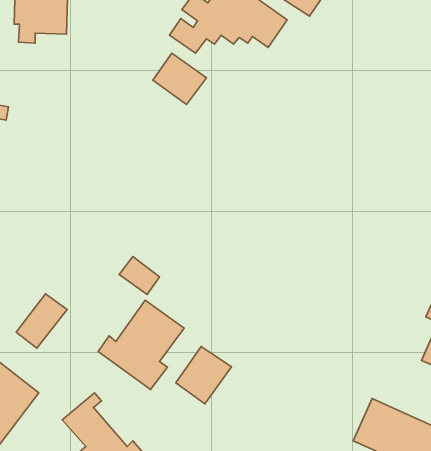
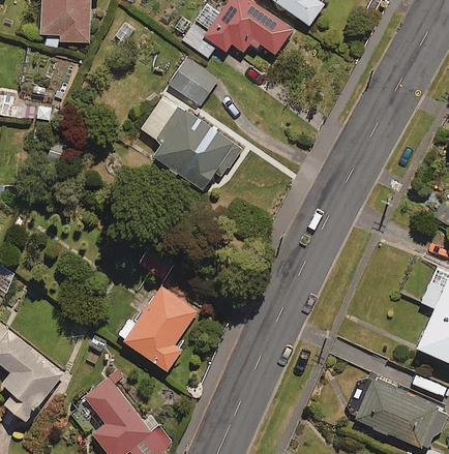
building: none -> [140,94,240,187]
building: [16,294,67,348] -> none
building: [176,346,231,404] -> none

